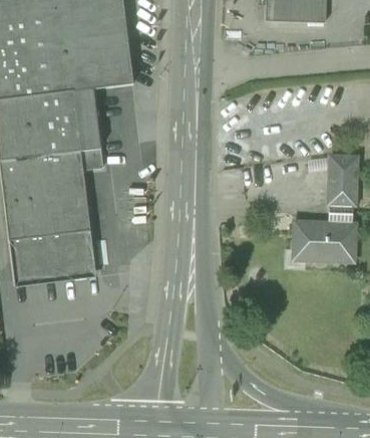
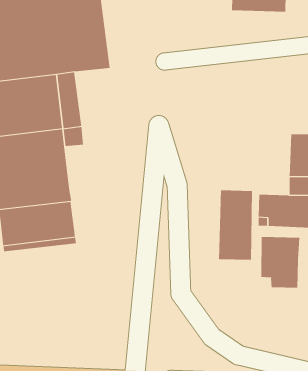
building: none -> [219,190,253,261]
building: none -> [261,236,300,288]

